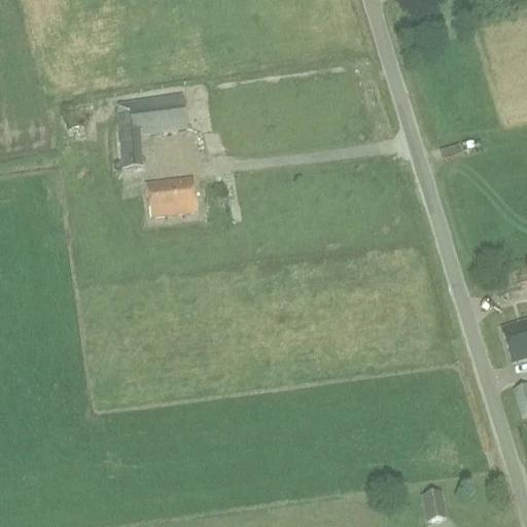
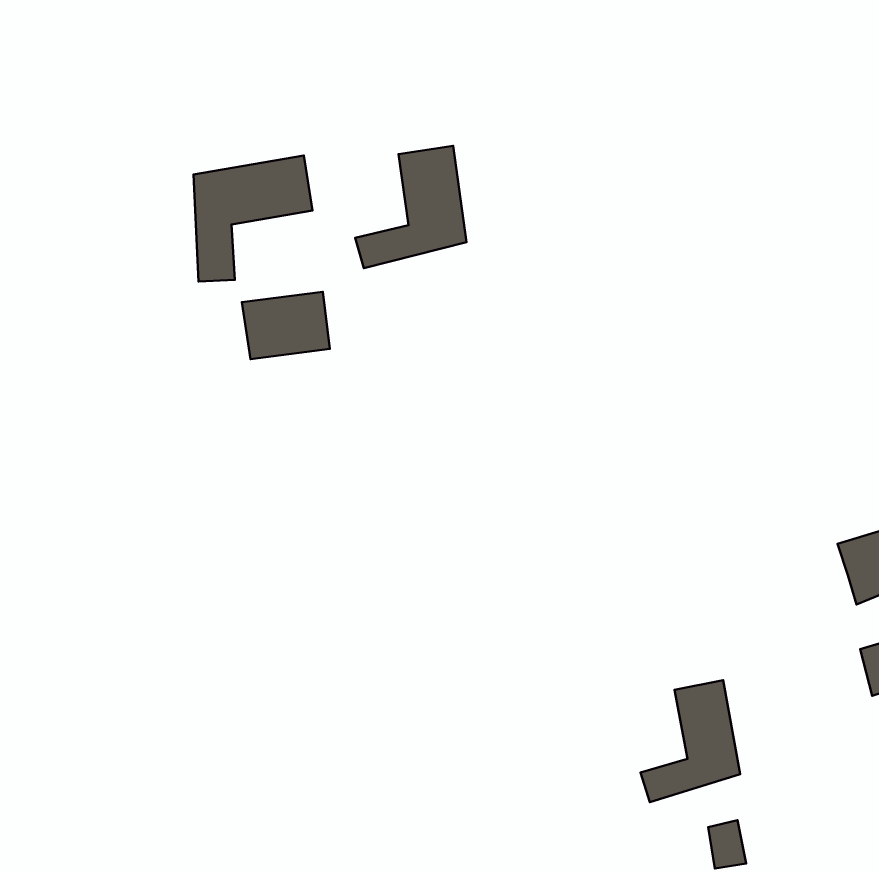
building: none -> [355,146,467,268]
building: none -> [640,680,740,802]

